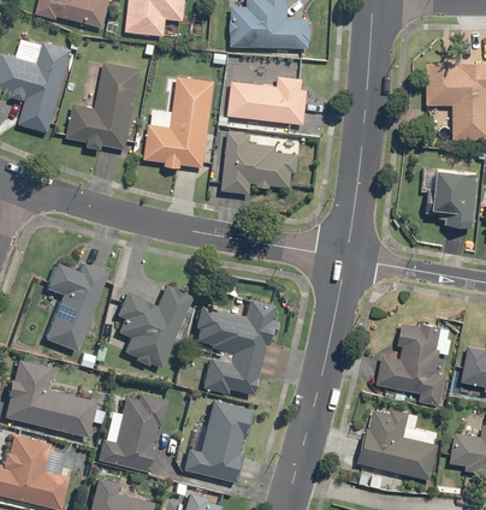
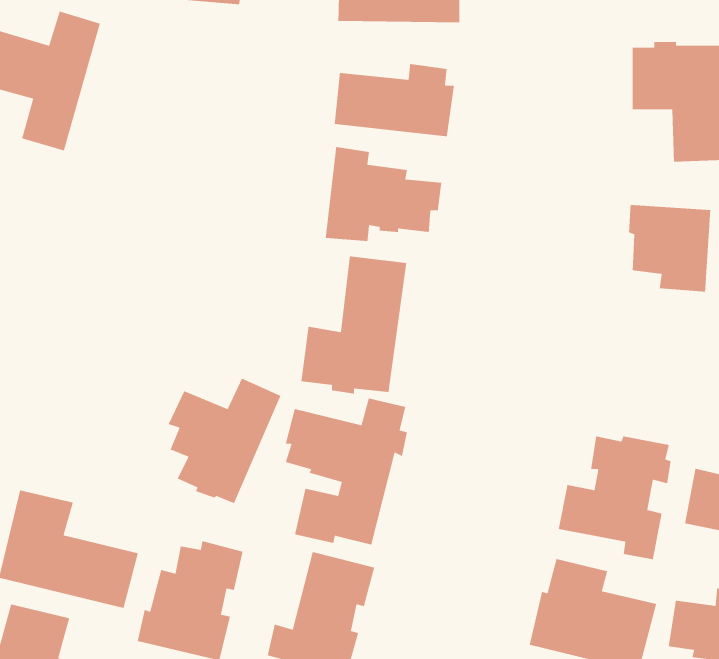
building: [66,63,142,152] -> none
building: [144,77,215,170] -> [301,255,407,395]
building: [45,263,108,352] -> none

